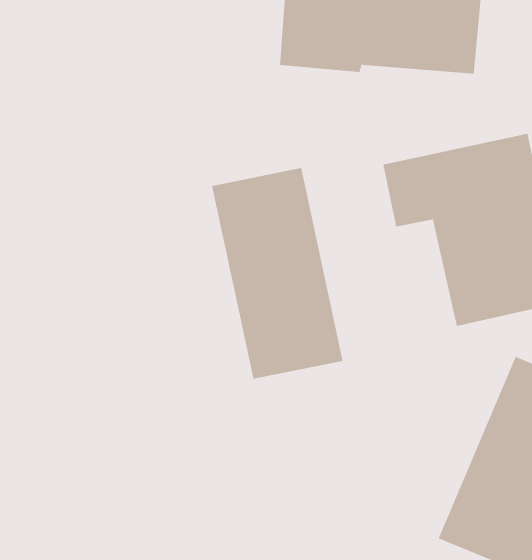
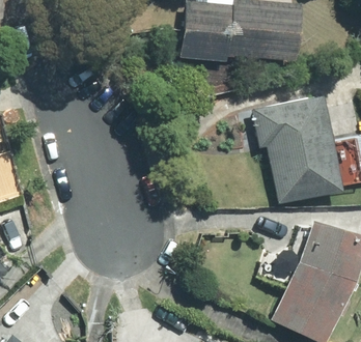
building: [211,167,343,380] -> none

